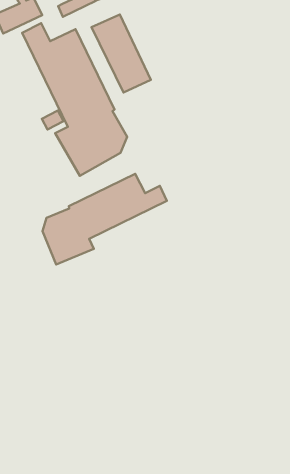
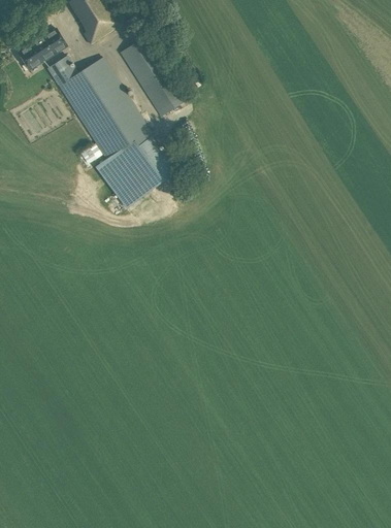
building: [43,174,167,264] -> none

